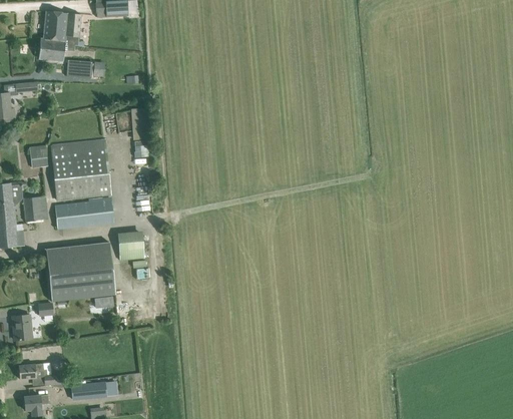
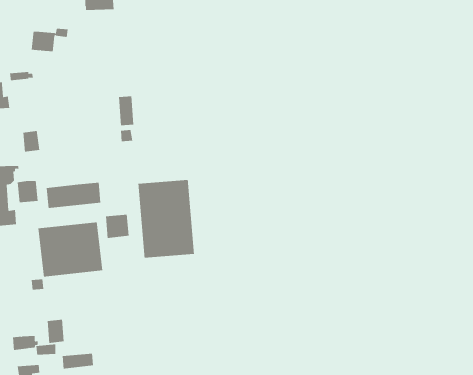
building: [43,10,80,40] -> none
building: [68,59,93,77] -> none
building: [50,139,110,199] -> none
building: none -> [138,179,195,258]
building: [12,314,31,340] -> [47,319,65,344]

